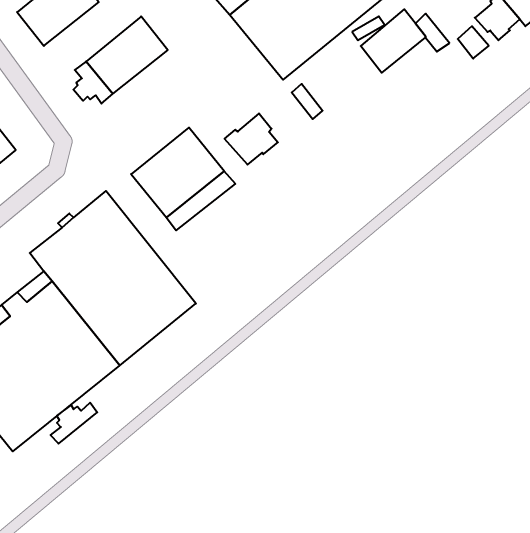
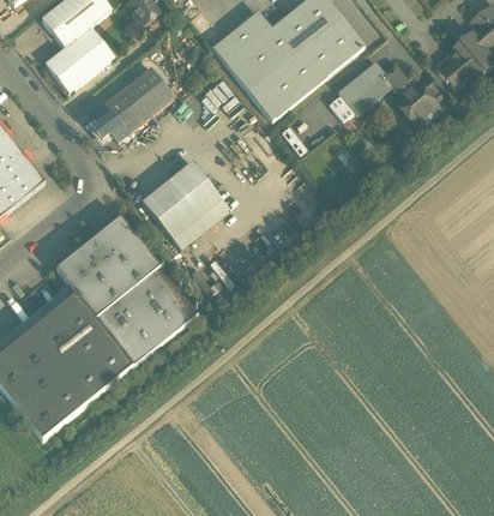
building: none -> [397,84,435,122]
building: [225,113,278,165] -> none
building: [51,403,97,444] -> none

